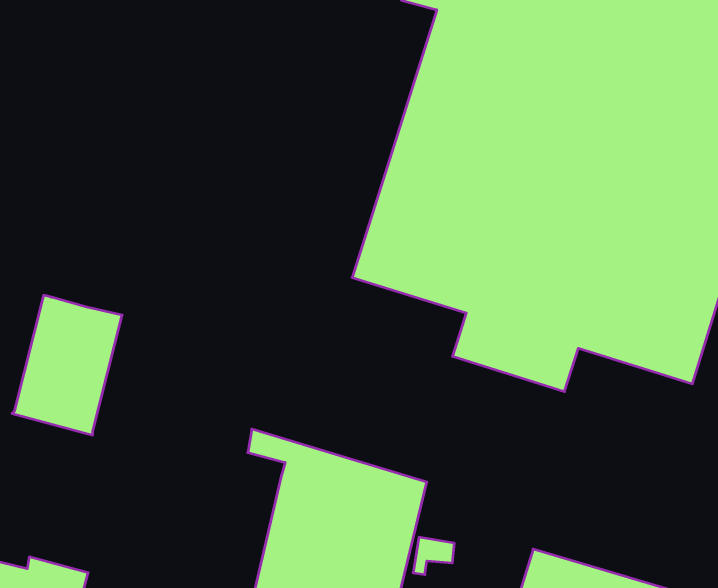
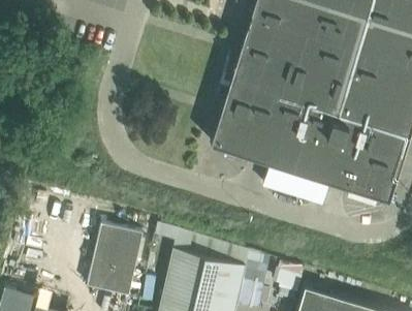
building: [12,295,122,435] -> [87,227,145,301]

